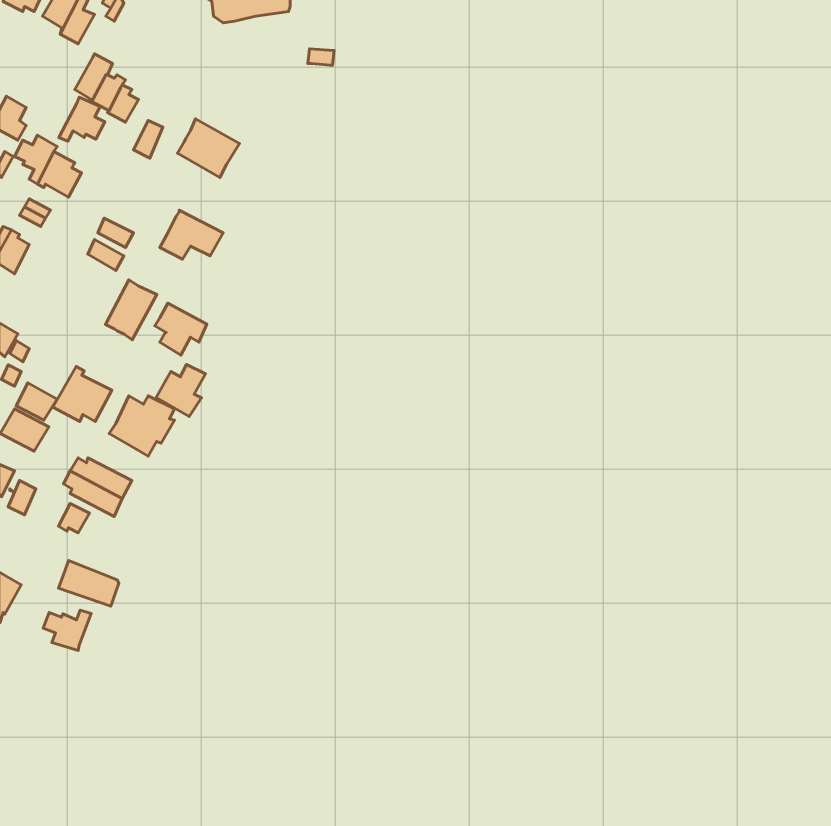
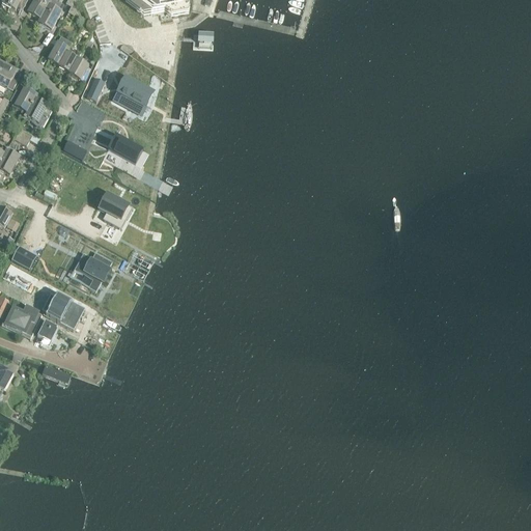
building: [59,97,105,141] -> none
building: [106,280,157,340] -> none
building: [156,365,206,417] -> none
building: [53,366,112,422] -> none
building: none -> [16,306,41,338]
building: [43,610,91,651] -> none

